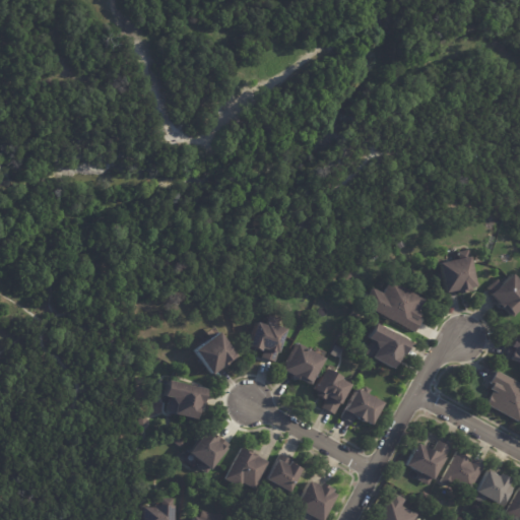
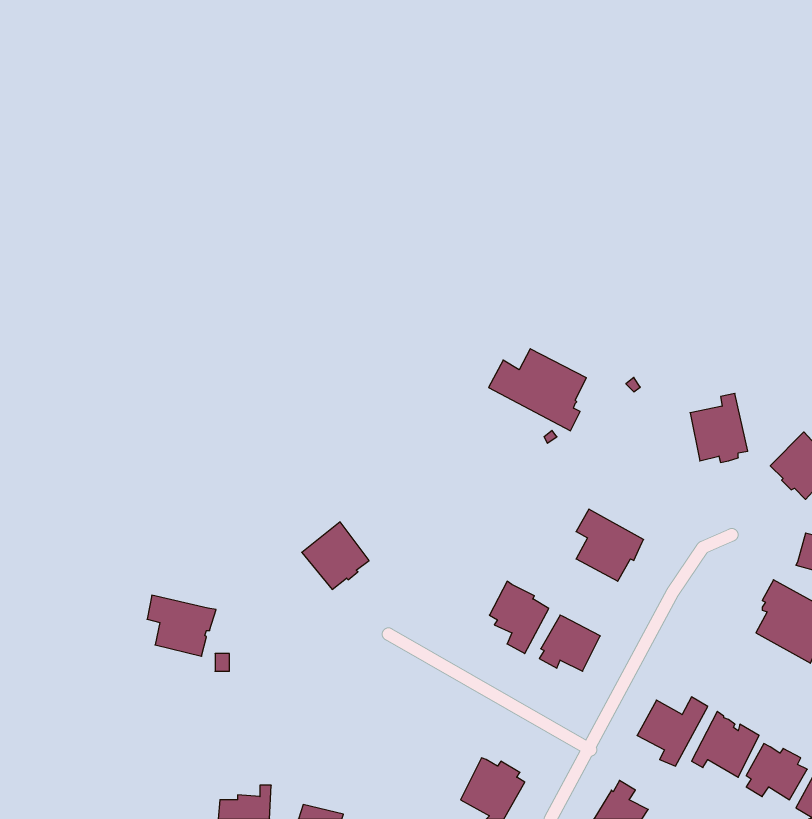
building: [366,279,428,331] -> [489,349,586,431]
building: [249,313,285,359] -> none
building: [286,344,327,385] -> none
building: [165,380,208,418] -> [147,595,216,656]
building: [189,434,232,475] -> none
building: [222,445,268,486] -> none
building: [264,452,299,490] -> none

